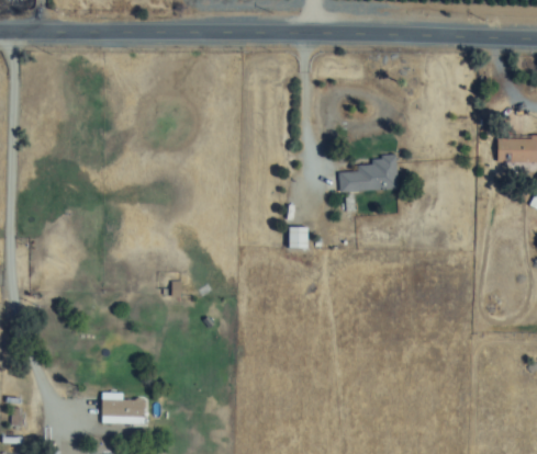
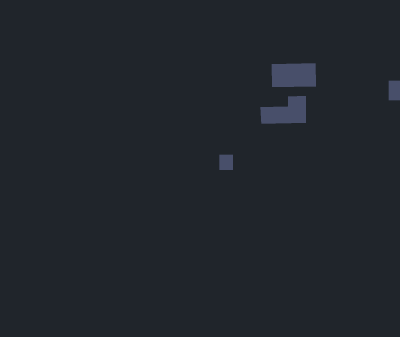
building: none -> [271,63,317,88]
building: [99,390,146,424] -> none

